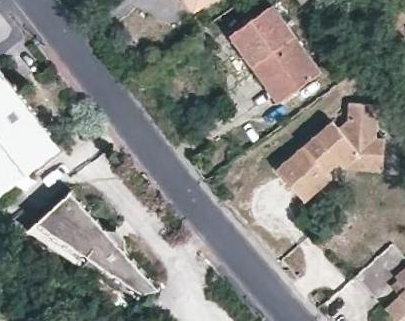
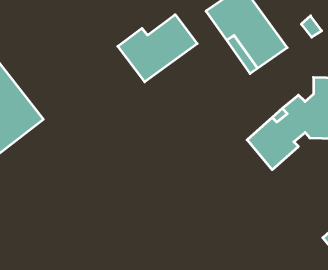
building: none -> [118,15,197,82]
building: [24,191,156,297] -> none

